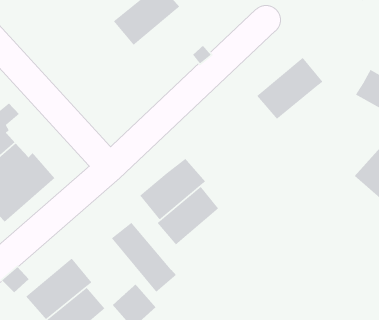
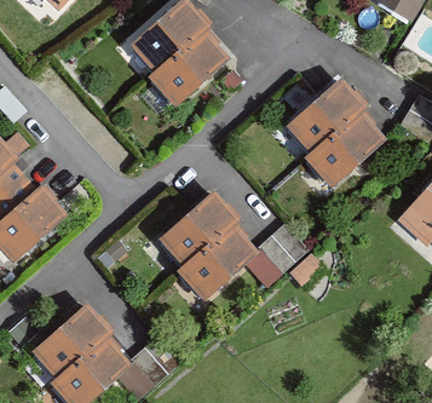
building: none -> [151,33,221,99]
building: none -> [311,116,381,182]
building: none -> [259,224,309,274]
building: [111,222,177,293] -> none

